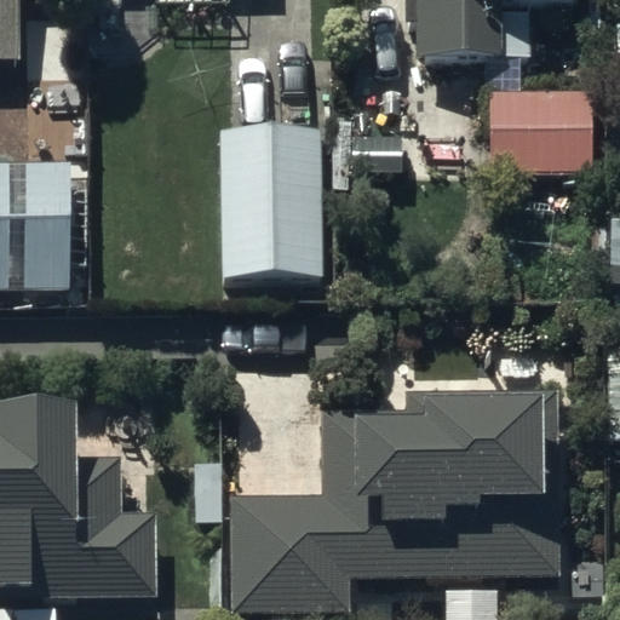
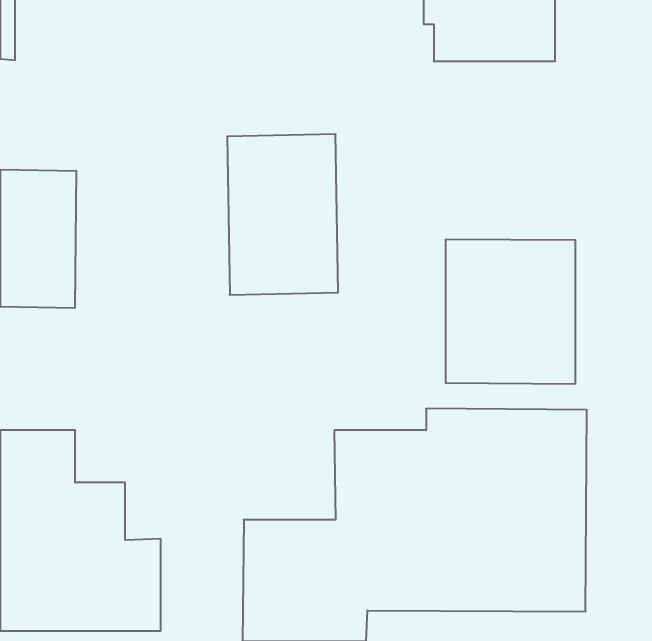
building: [486,88,591,188] -> none
building: none -> [446,239,575,384]

